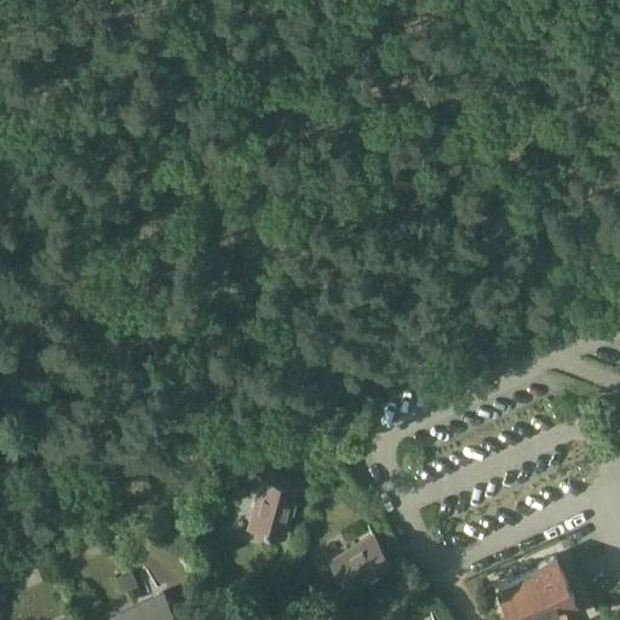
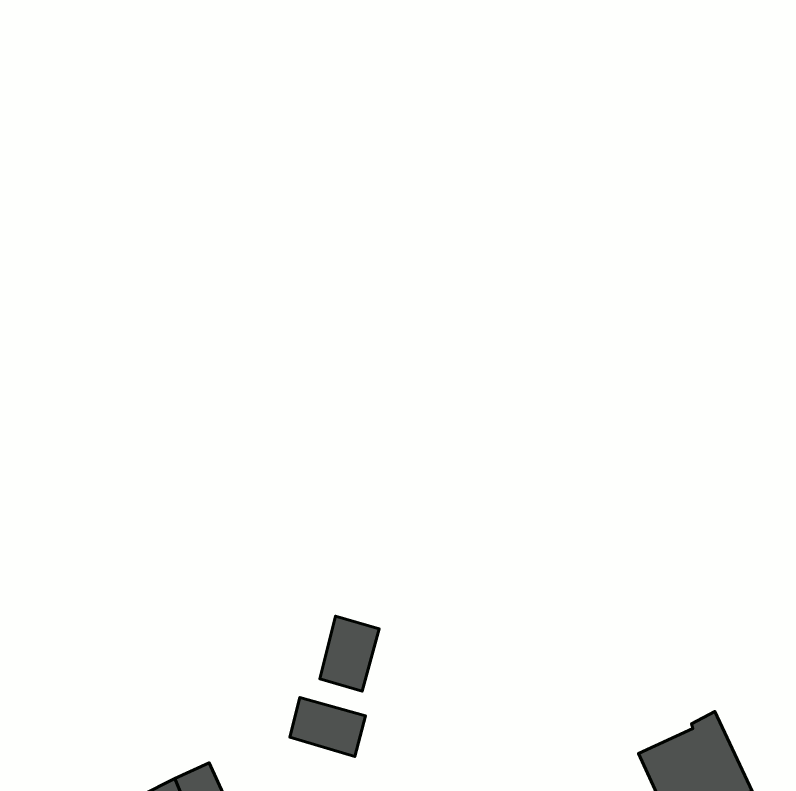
building: [328,539,390,596] -> none
building: none -> [290,698,366,757]

